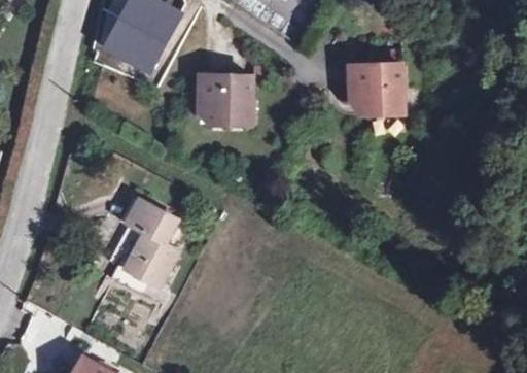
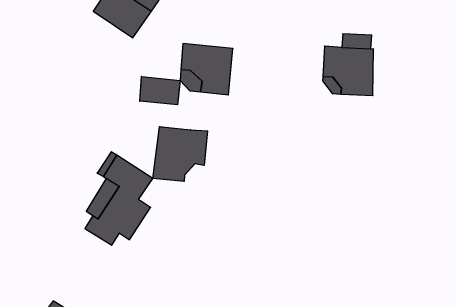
building: none -> [140,76,180,105]
building: none -> [153,127,208,181]

